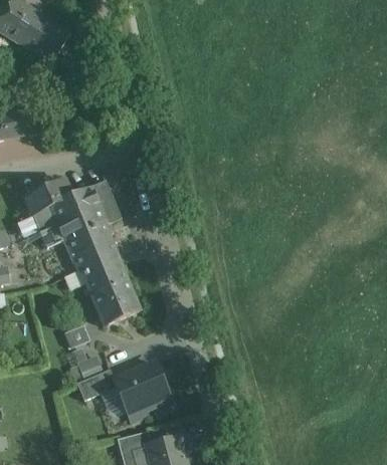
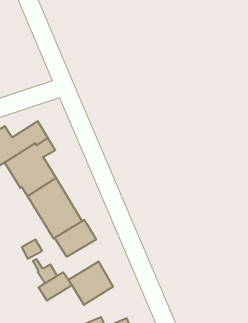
building: none -> [55,220,96,257]

